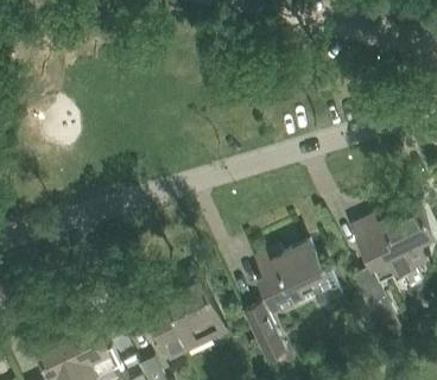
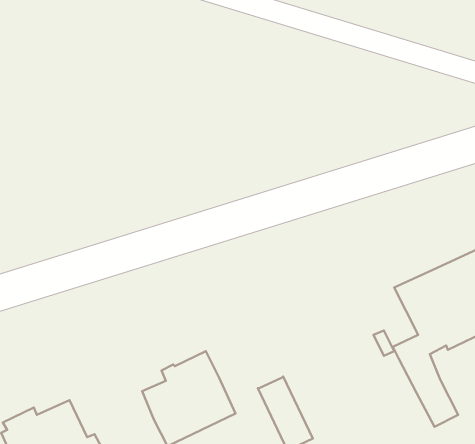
building: [254,243,342,312] -> none

